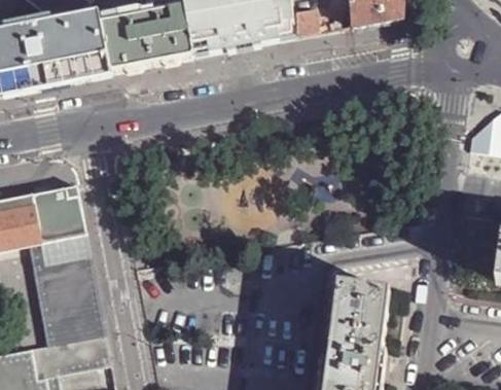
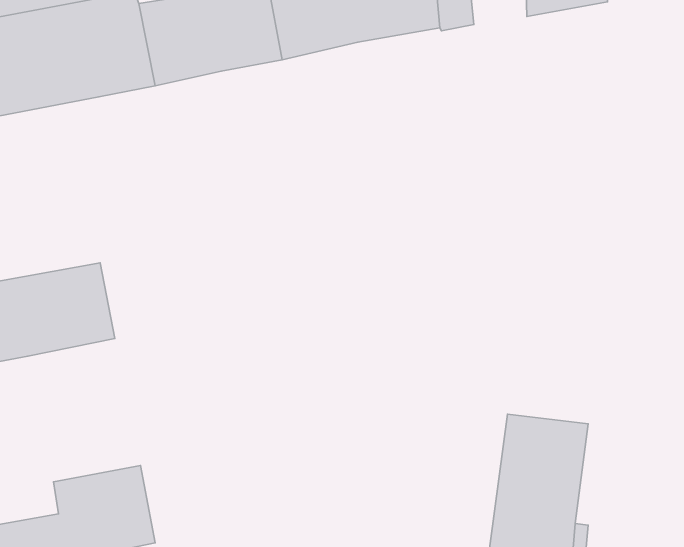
building: [29,233,101,324] -> none

